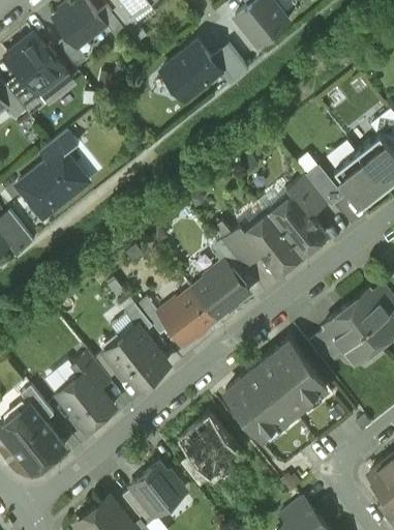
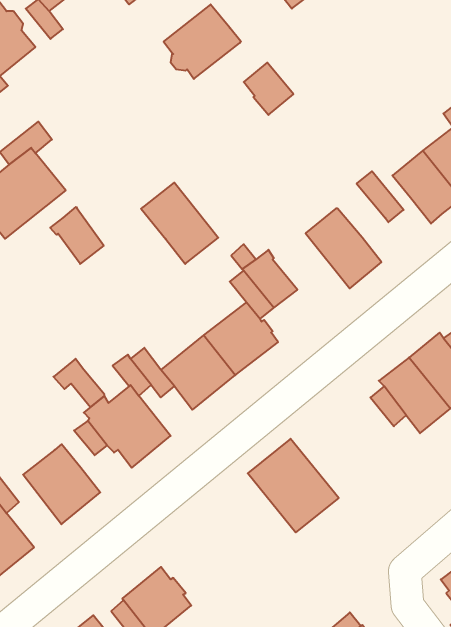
building: [212,45,249,84] -> [244,63,293,115]
building: [286,174,329,216] -> none
building: none -> [50,207,104,264]
building: [244,213,302,274] -> [141,183,218,264]
building: [257,342,326,412] -> none
building: [72,353,111,389] -> [53,359,104,407]
building: [177,410,241,476] -> none

